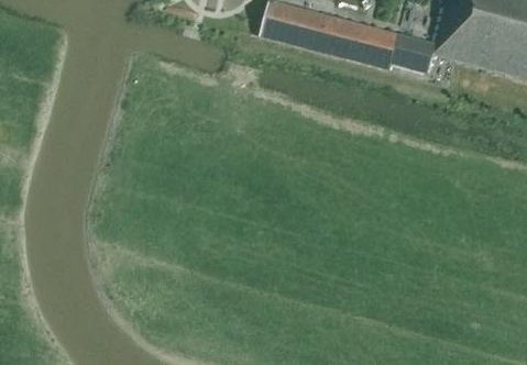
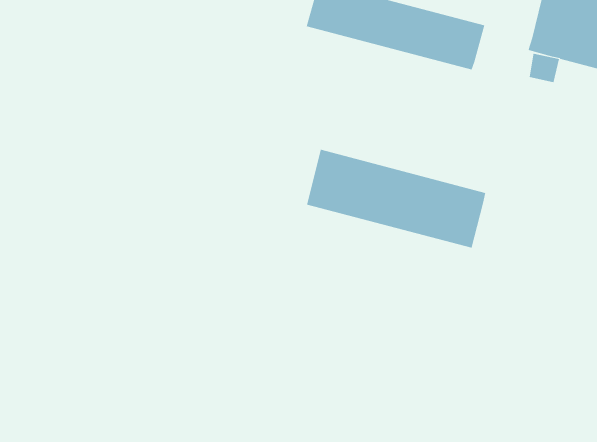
building: [391,34,435,73] -> none
building: none -> [307,149,486,249]

